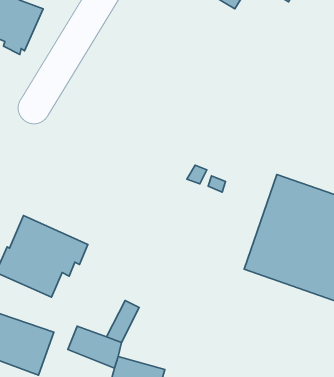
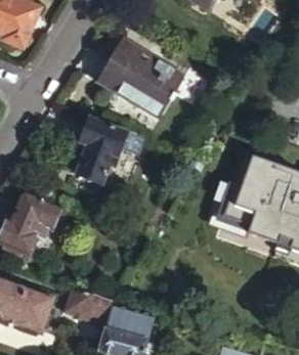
building: none -> [97,39,185,117]
building: none -> [74,119,133,182]

